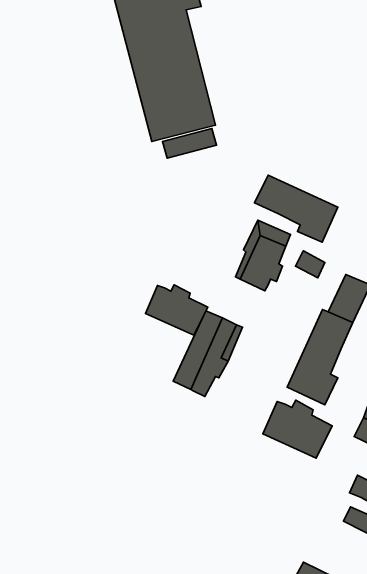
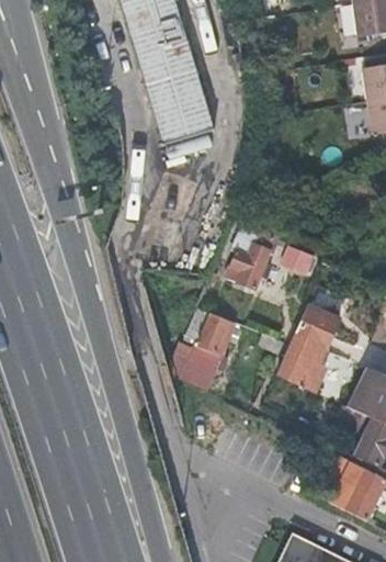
building: [255,175,338,242] -> none
building: [145,285,208,335] -> none
building: [263,400,332,458] -> none

